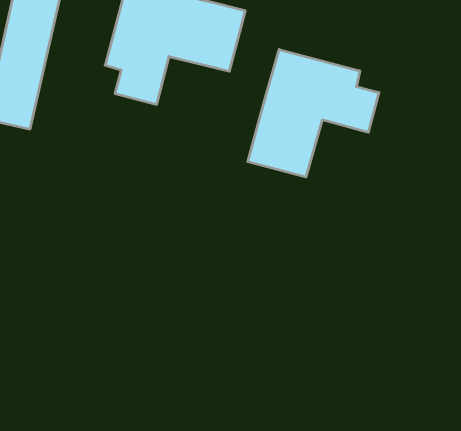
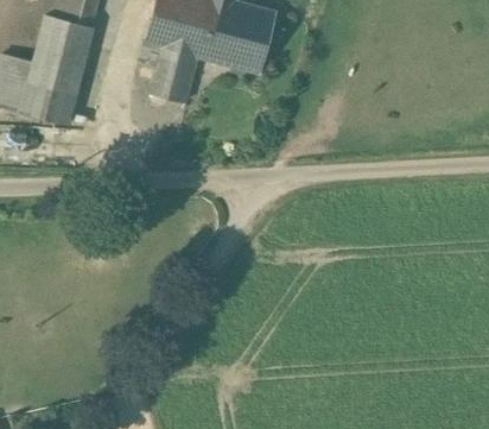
building: [248,49,379,177] -> none

